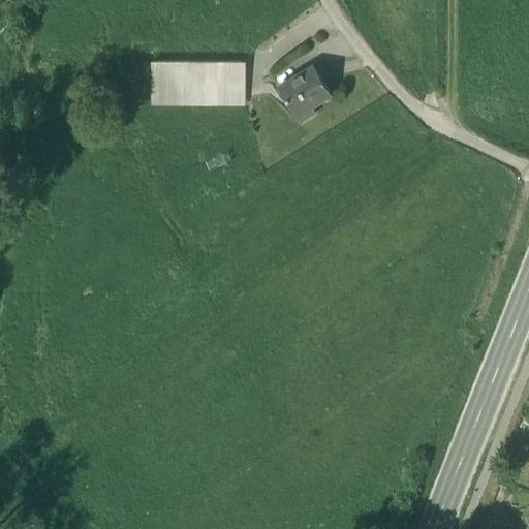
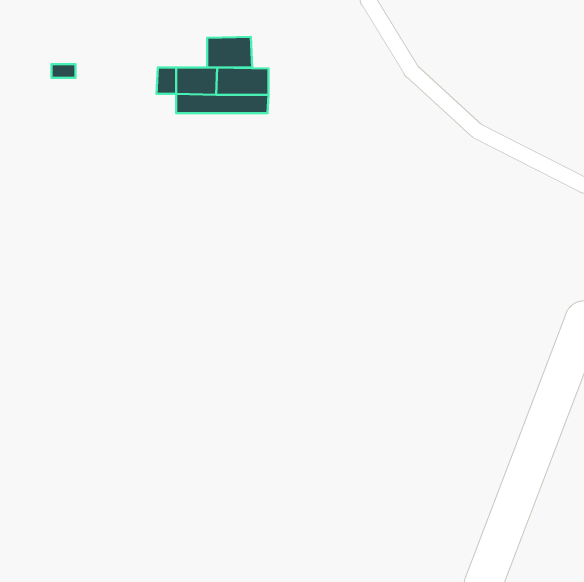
building: none -> [207,37,252,67]
building: [279,67,332,118] -> none

